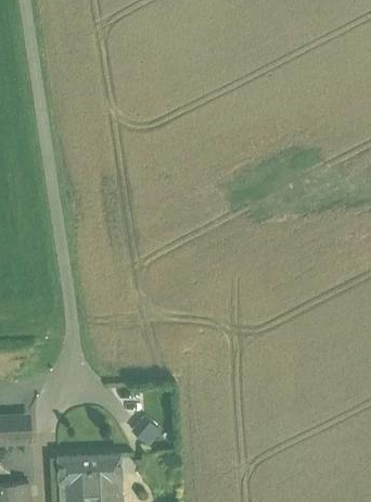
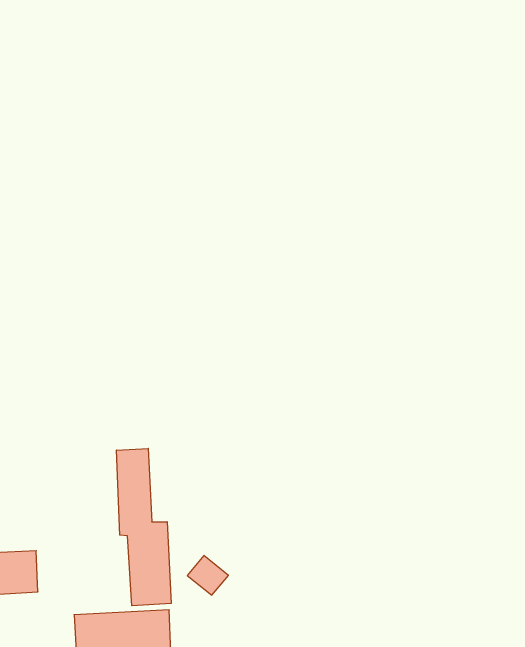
building: none -> [117,448,171,606]

